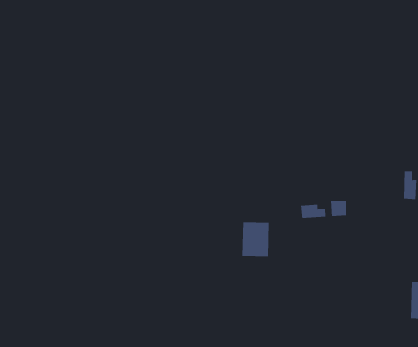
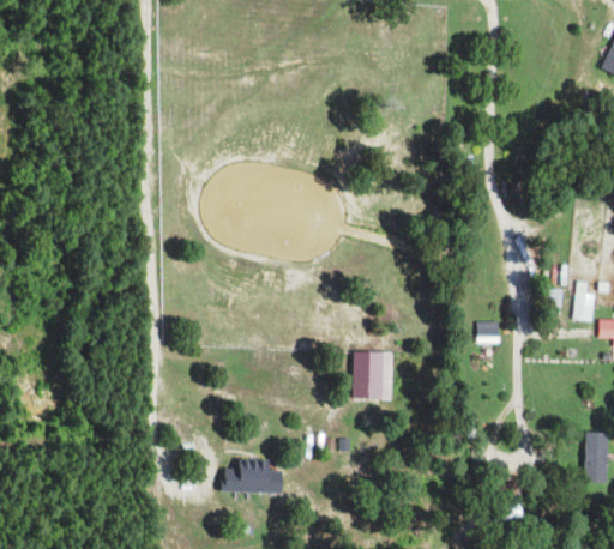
building: [301,204,326,219] -> none
building: none -> [223,460,285,494]

